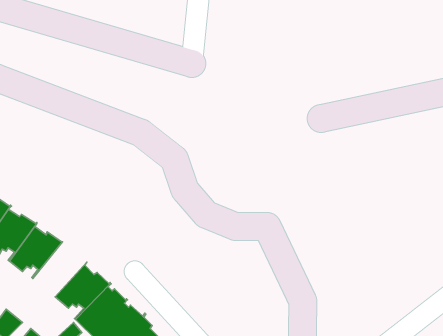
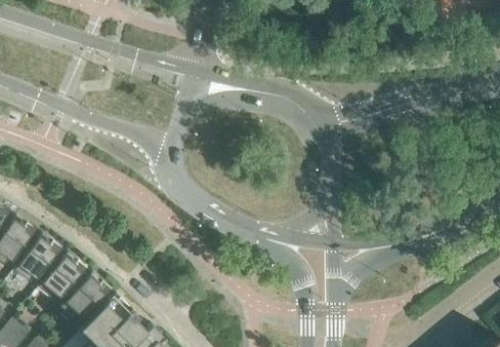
building: none -> [38,252,92,307]

